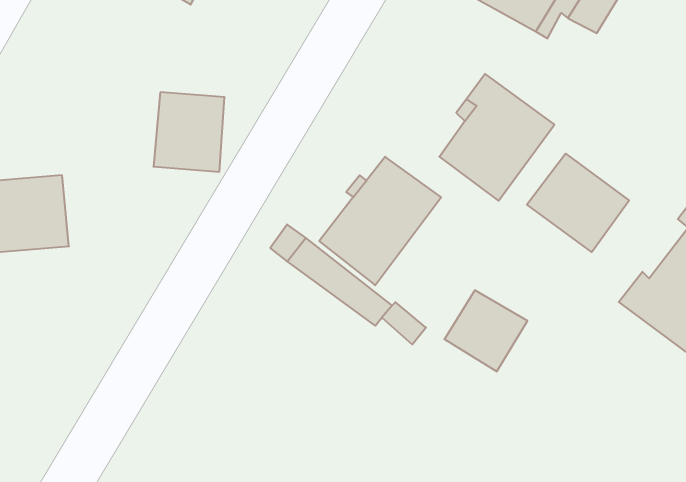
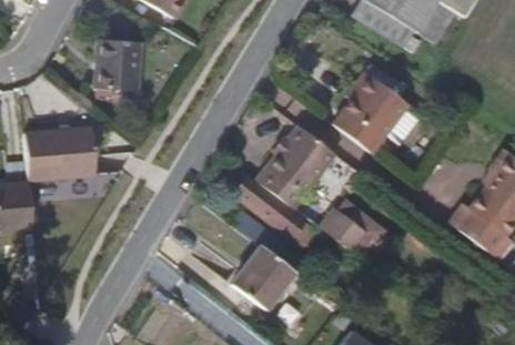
building: [153,92,225,172] -> [91,43,138,95]
building: [527,154,629,252] -> none
building: none -> [232,243,295,307]

